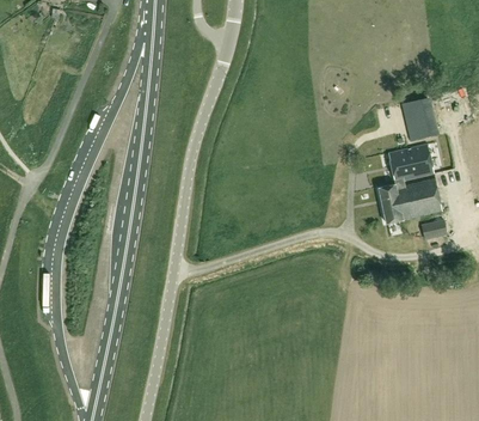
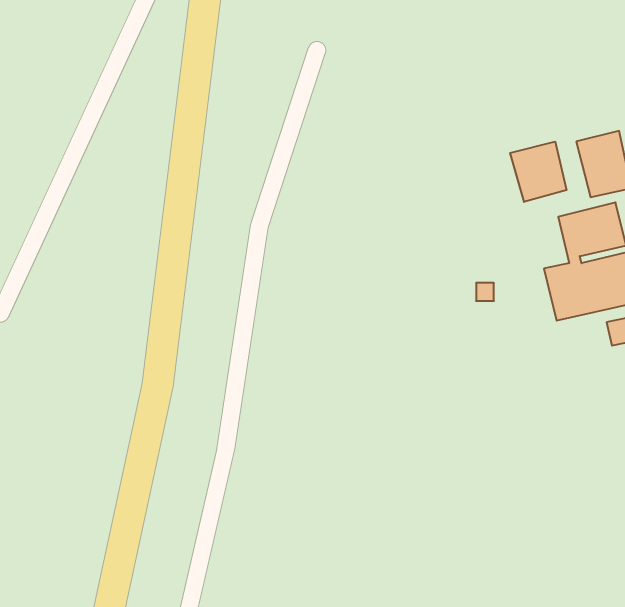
building: none -> [510,142,567,202]

